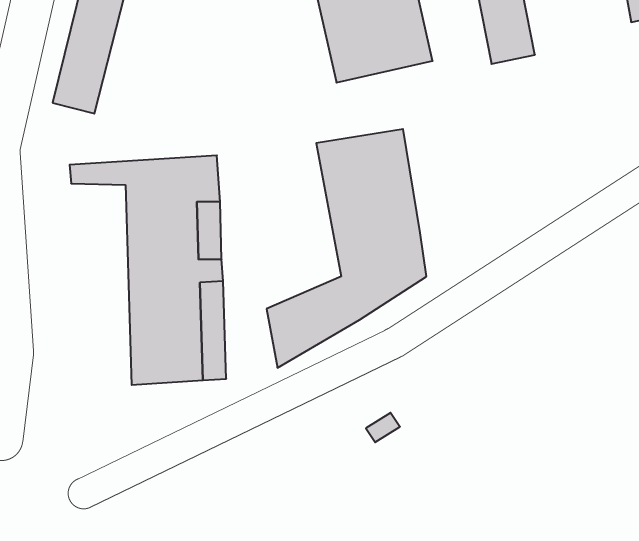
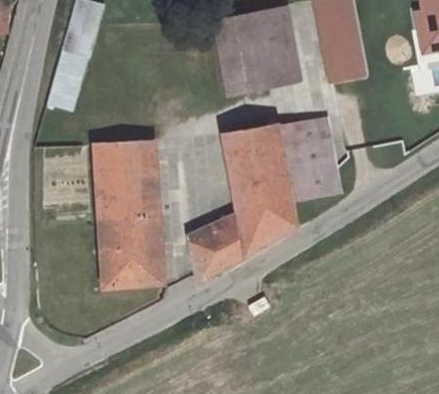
building: none -> [276,116,335,191]

